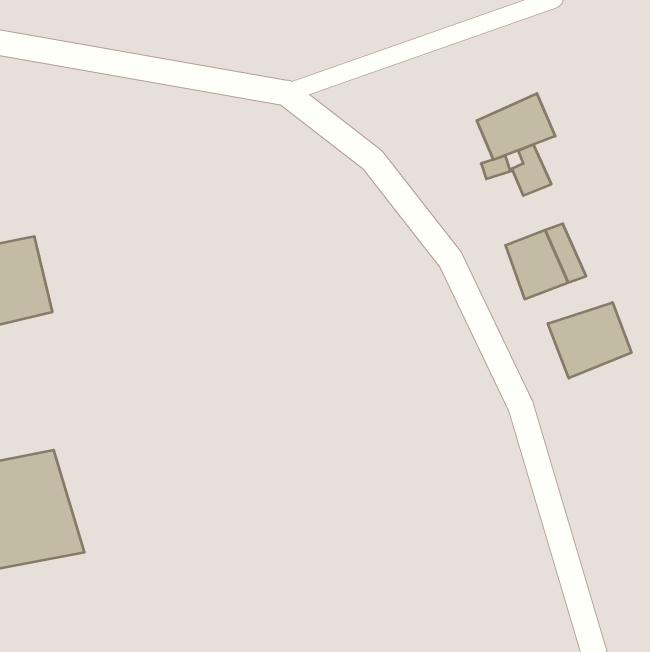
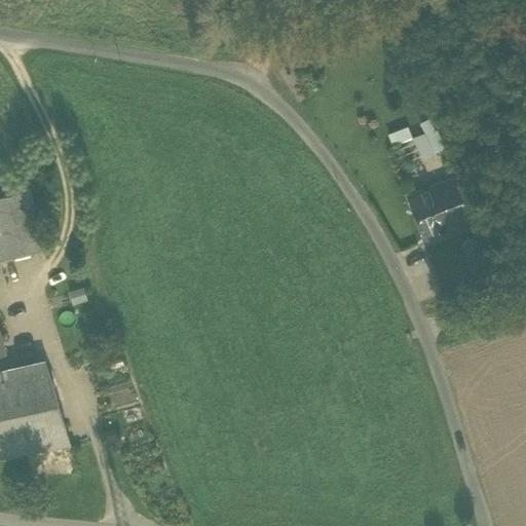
building: [477,93,555,160] -> none
building: [548,302,631,378] -> none

